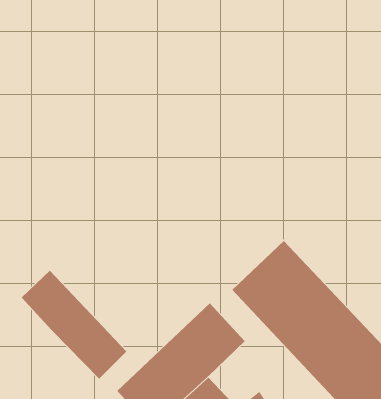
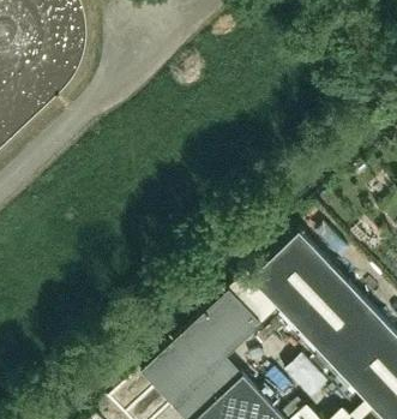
building: [21,270,127,380] -> none

